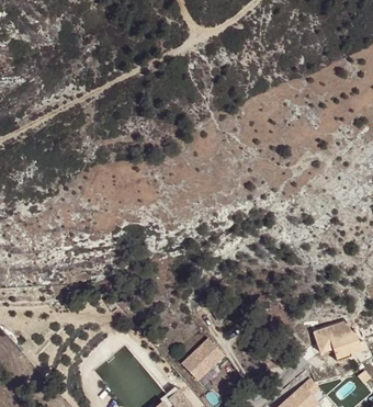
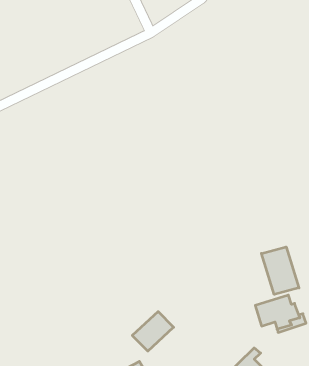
building: none -> [261,247,299,294]

